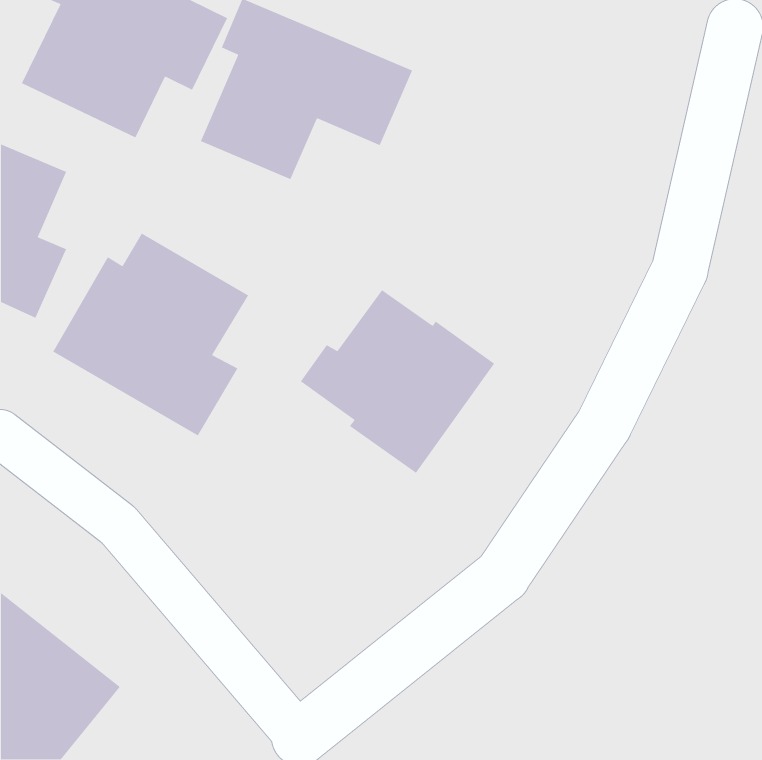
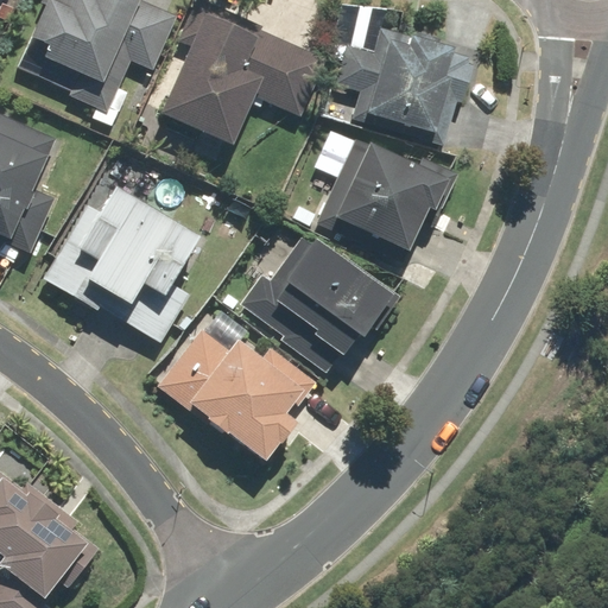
building: none -> [330,21,477,144]
building: none -> [316,135,456,264]
building: none -> [154,327,318,462]

